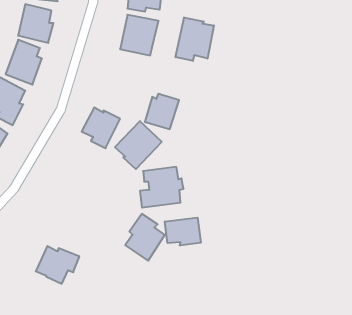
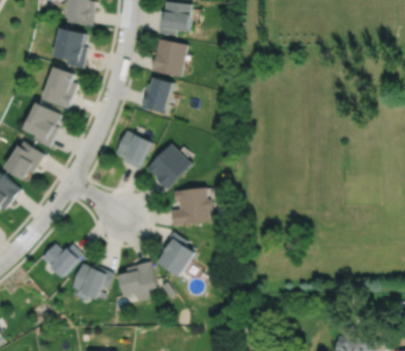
building: [176,17,214,61] -> none
building: [145,94,179,129] -> [140,79,173,113]
building: [165,218,201,246] -> none
building: none -> [41,244,81,277]
building: none -> [118,261,157,302]

